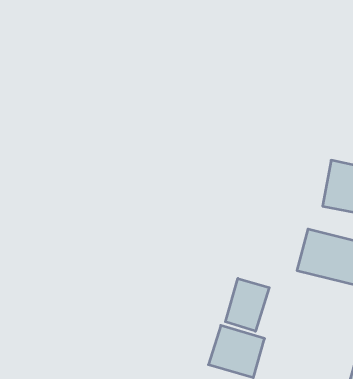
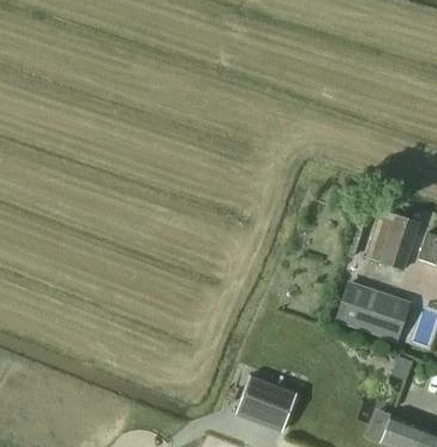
building: [225,278,269,331] -> none

